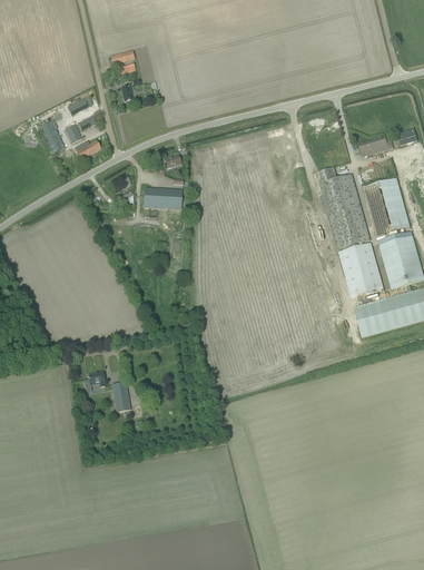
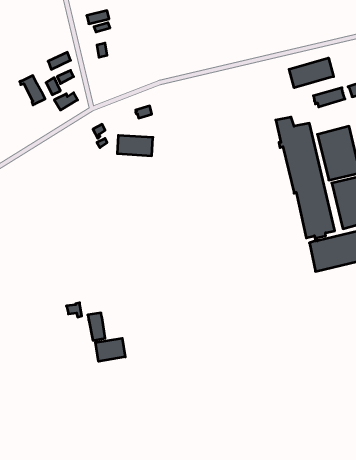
building: none -> [289,58,334,88]
building: none -> [95,338,125,361]

